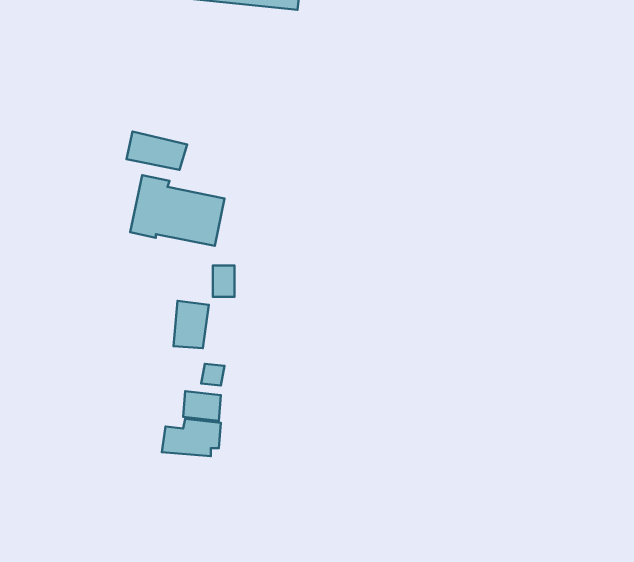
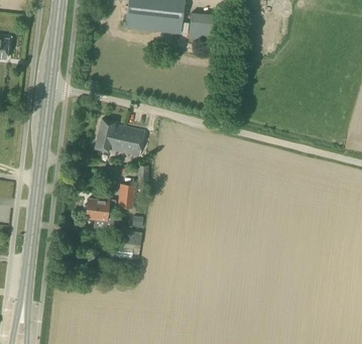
building: [127,131,187,170] -> none
building: none -> [86,197,116,228]

